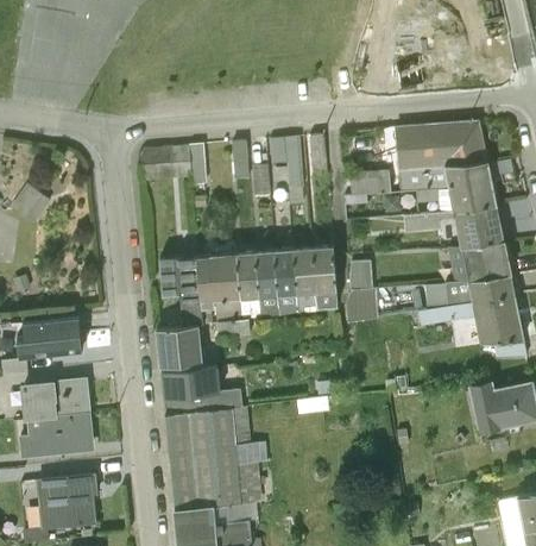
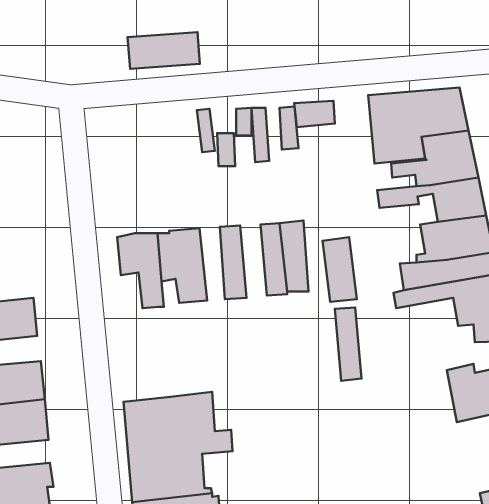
building: [137,148,204,182] -> [128,32,200,69]
building: [351,171,389,196] -> [294,101,335,127]
building: [273,249,298,318] -> [335,307,361,381]
building: [235,251,259,320] -> none
building: [156,326,202,368] -> none
building: [159,366,219,415] -> none

